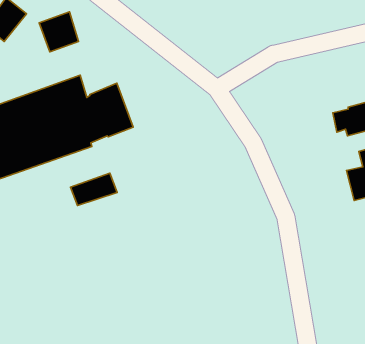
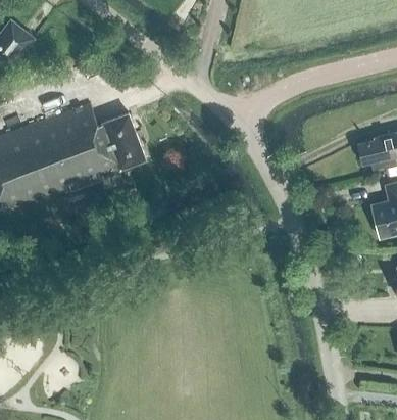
building: [39,12,78,52] -> none
building: [71,173,117,206] -> none

